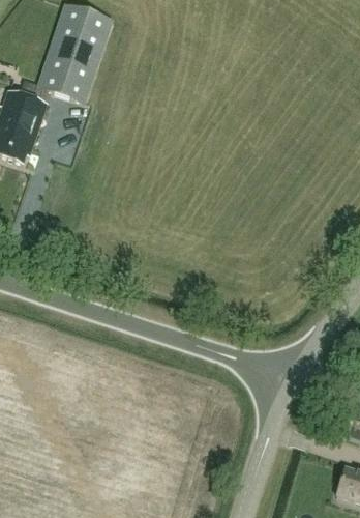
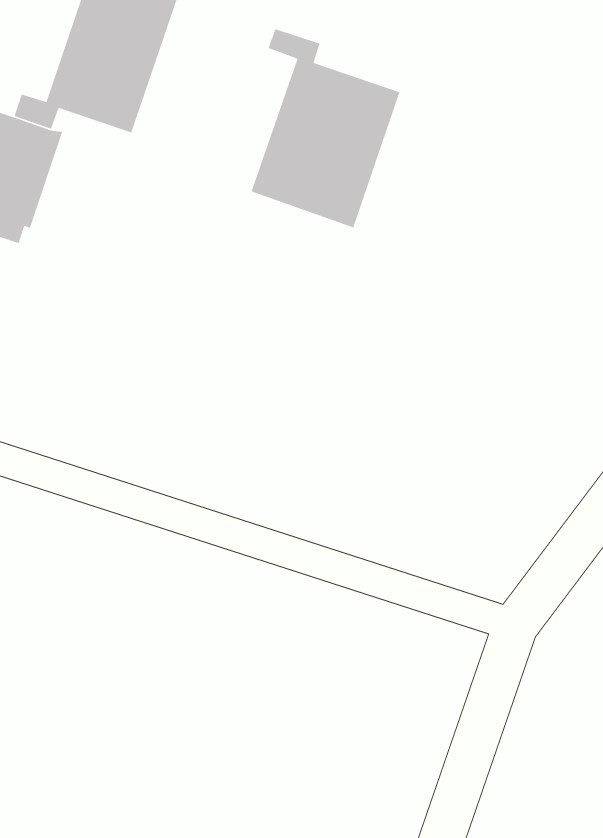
building: none -> [250,28,400,228]

